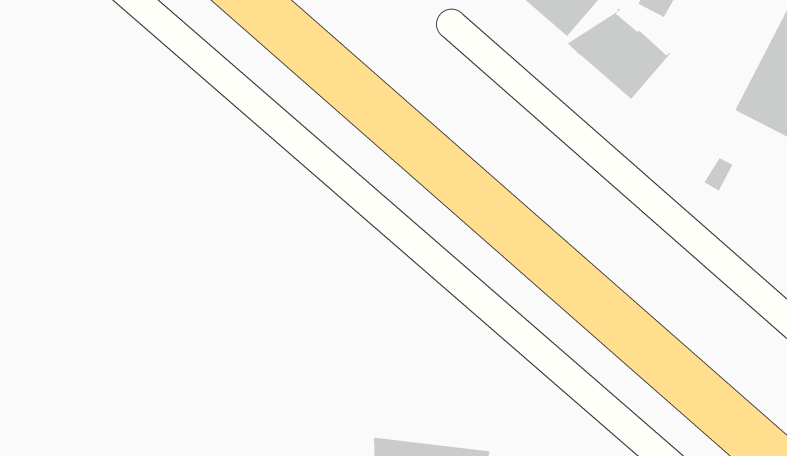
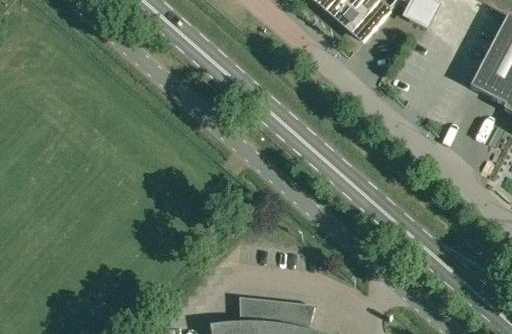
building: [567,8,672,100] -> none

